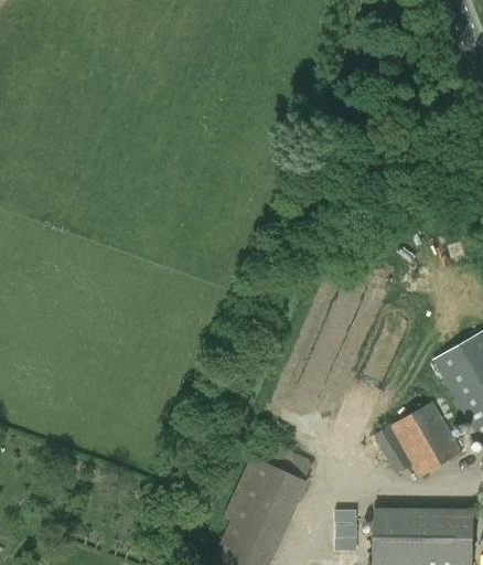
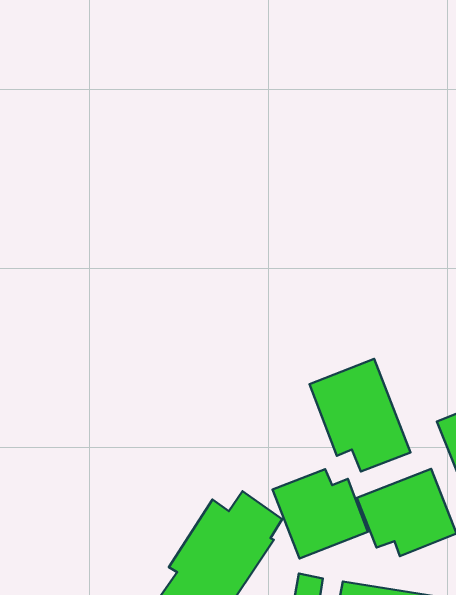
building: none -> [309,359,411,471]
building: none -> [273,469,368,559]

